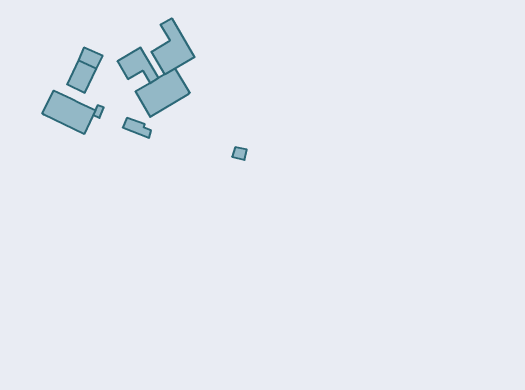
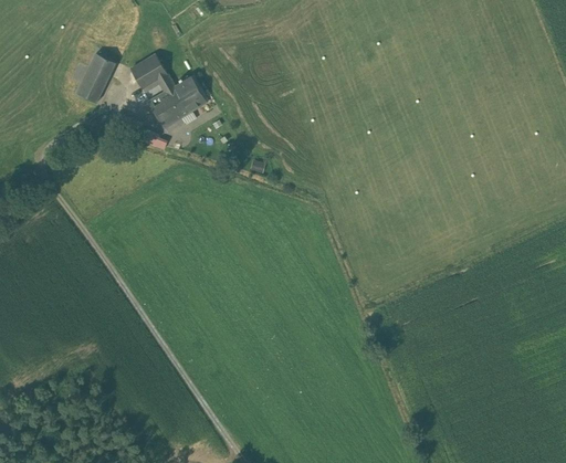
building: [151,18,195,74] -> none
building: [42,91,95,134] -> none

